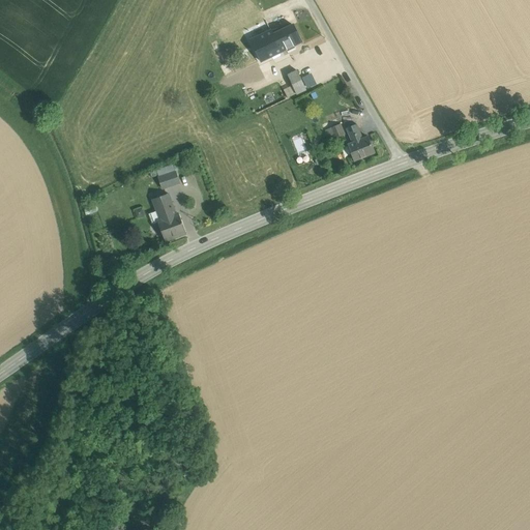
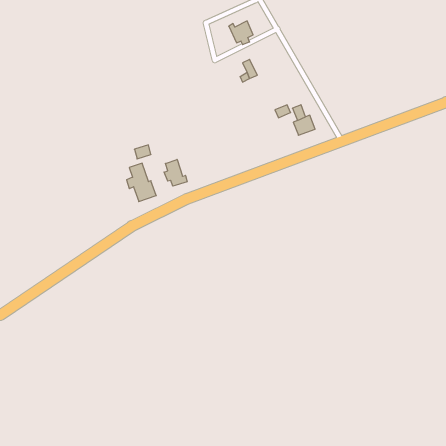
building: [252,31,281,60] -> none
building: none -> [164,159,187,186]

